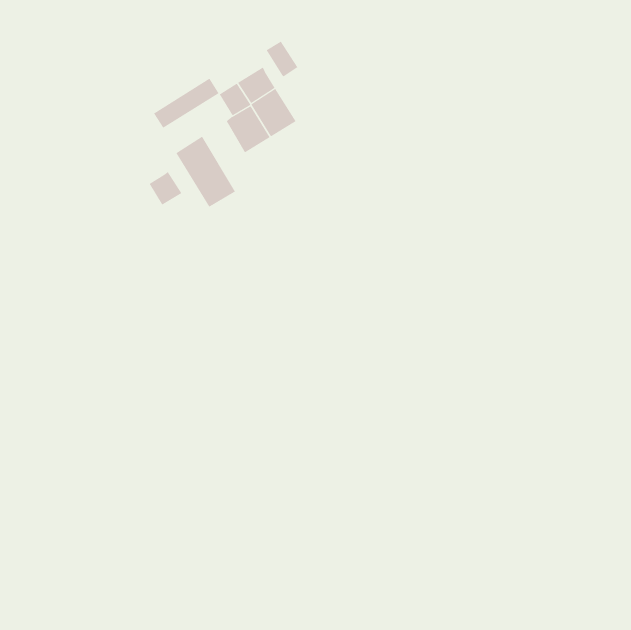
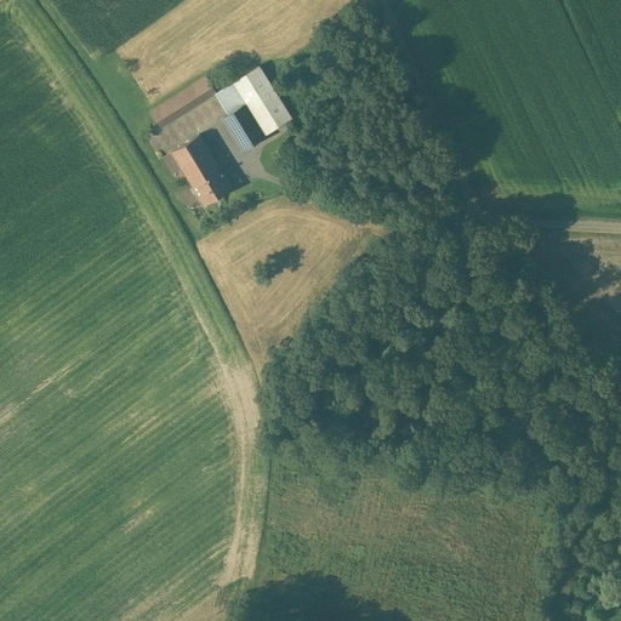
building: [266,40,298,77] -> none
building: [149,171,182,205] -> none

